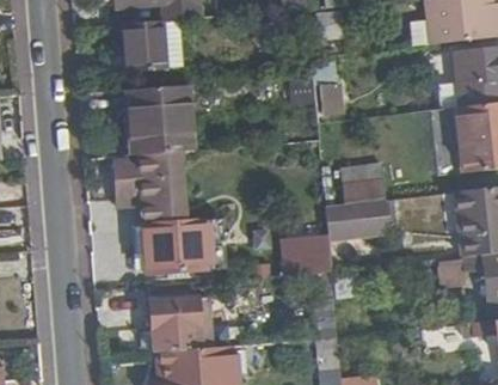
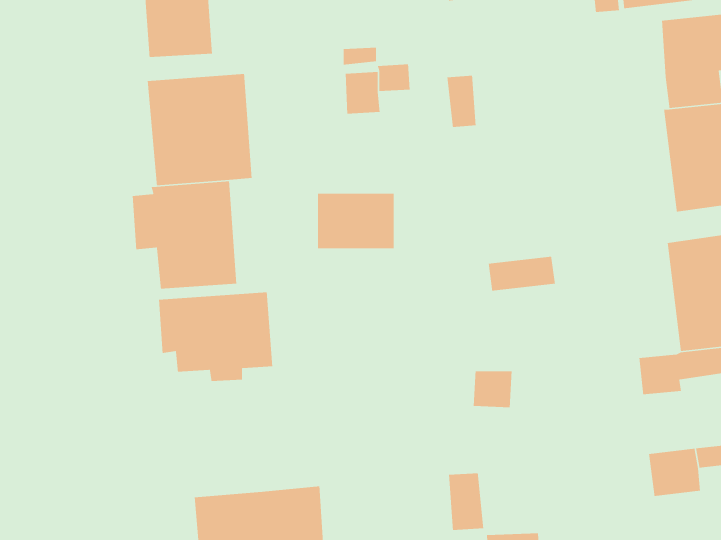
building: [339,165,383,204] -> none
building: [279,236,328,271] -> [317,193,394,249]
building: [150,297,199,353] -> none

